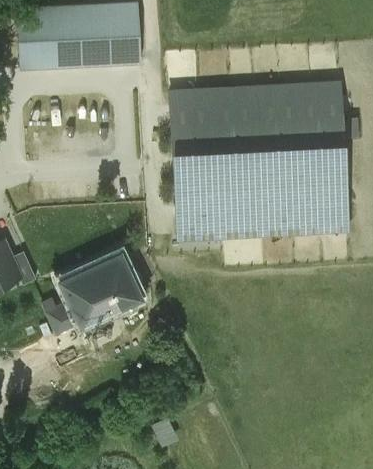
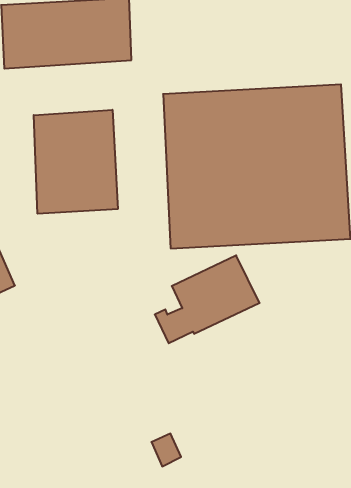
building: none -> [34,110,118,214]
building: [43,250,142,333] -> [155,255,260,343]

